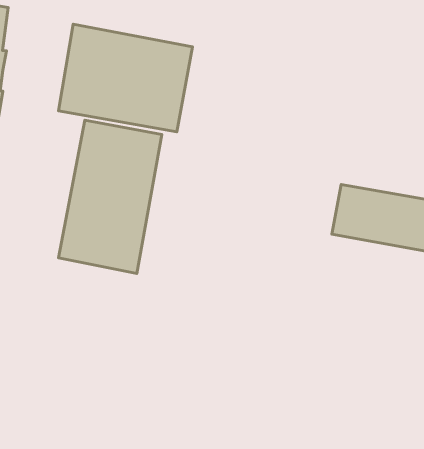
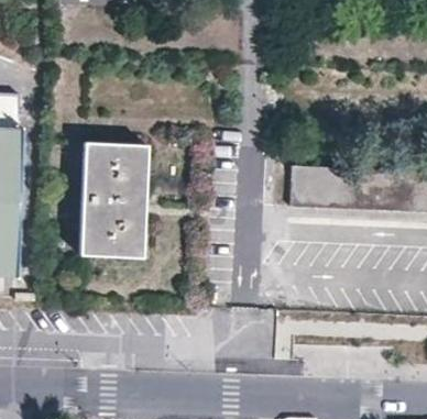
building: [58,24,193,132] -> none

